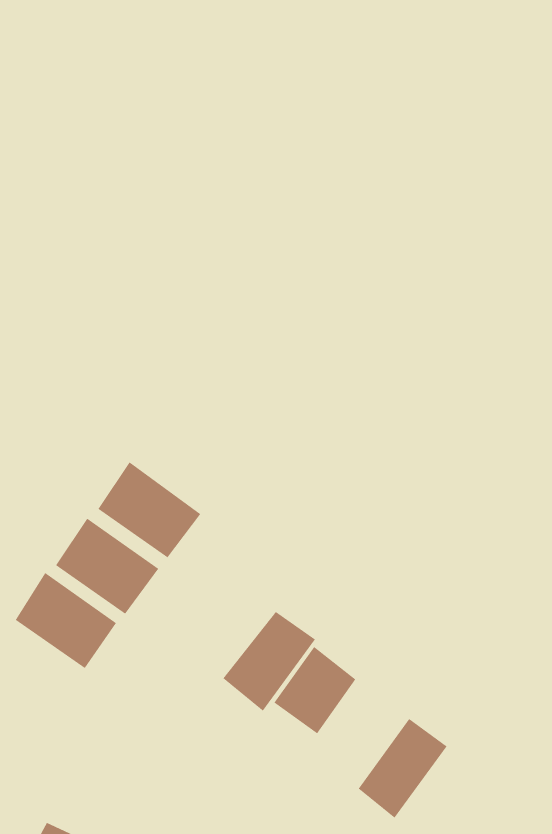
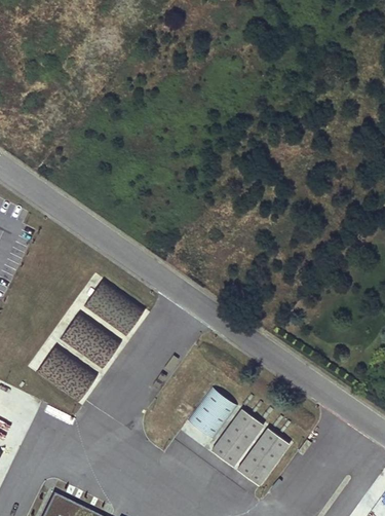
building: [223,611,316,712] -> [208,411,263,470]

